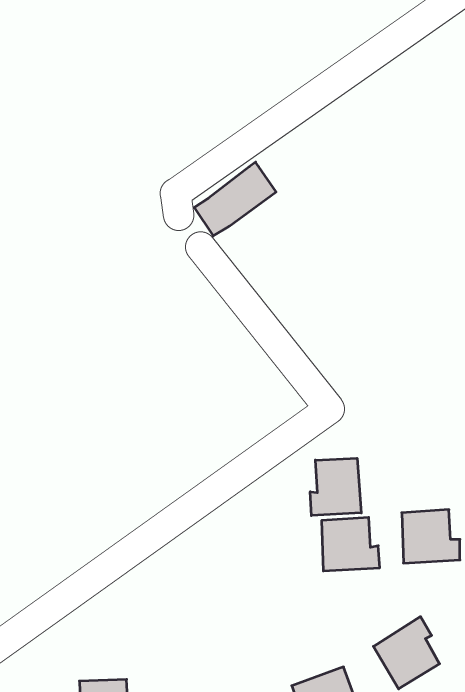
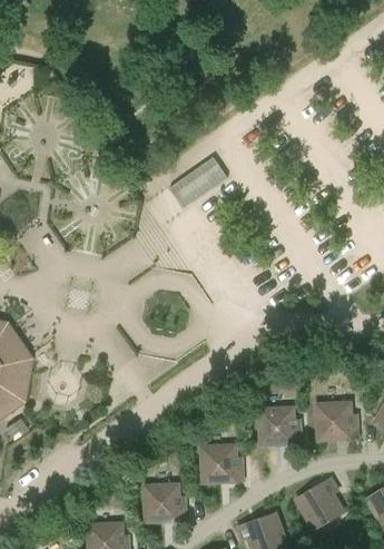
building: [310,458,361,516] -> none
building: none -> [201,444,243,481]
building: none -> [145,482,186,520]

